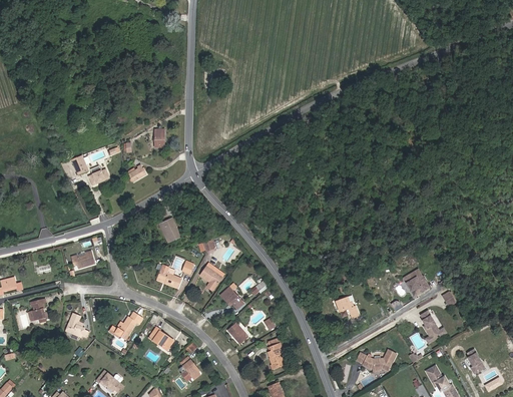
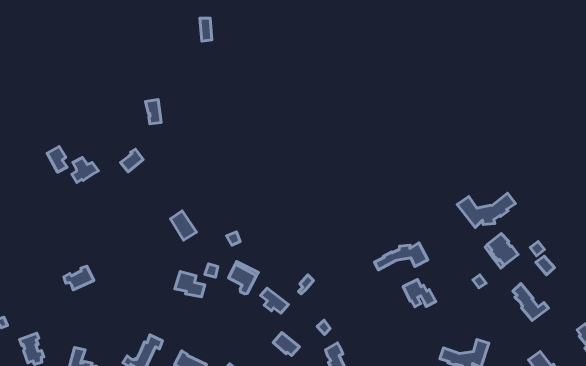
building: none -> [457,193,516,228]
building: none -> [374,243,428,270]

